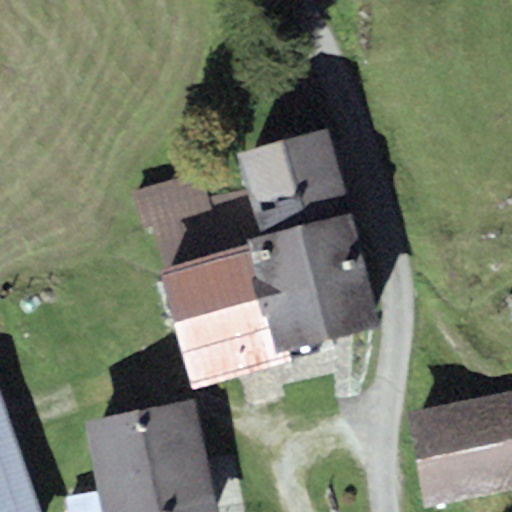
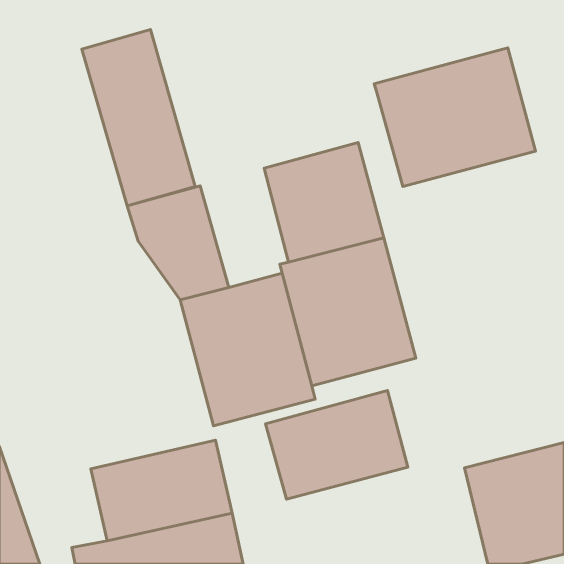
building: none -> [82,30,195,206]
building: none -> [374,48,536,186]
building: none -> [266,391,408,499]

